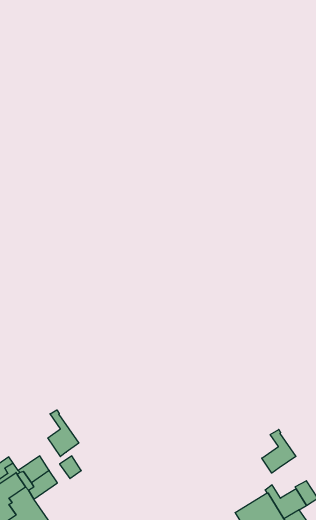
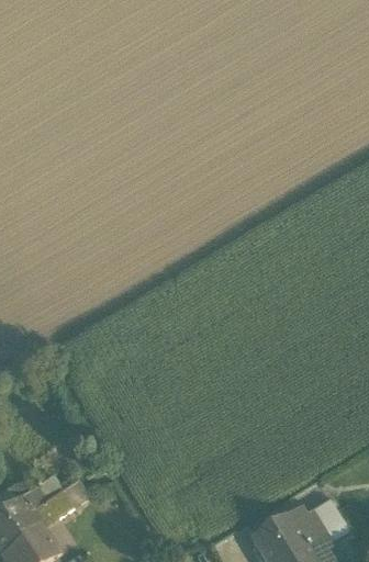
building: [48,410,79,457] -> none
building: [262,429,296,473] -> none

